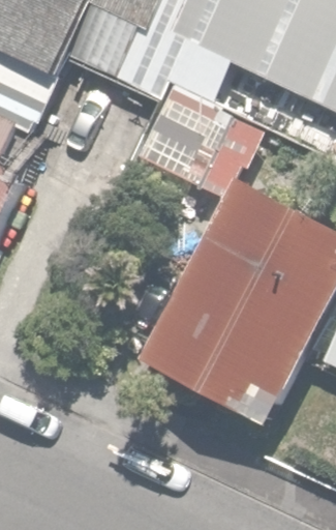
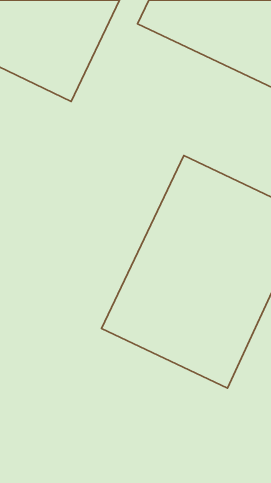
building: [133,60,257,190] -> none

